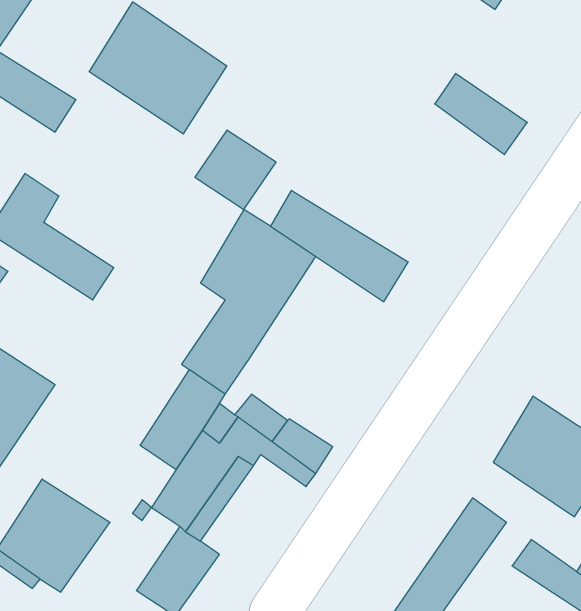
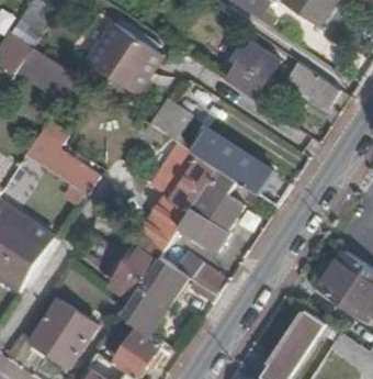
building: none -> [230,44,282,99]
building: none -> [177,168,238,252]

